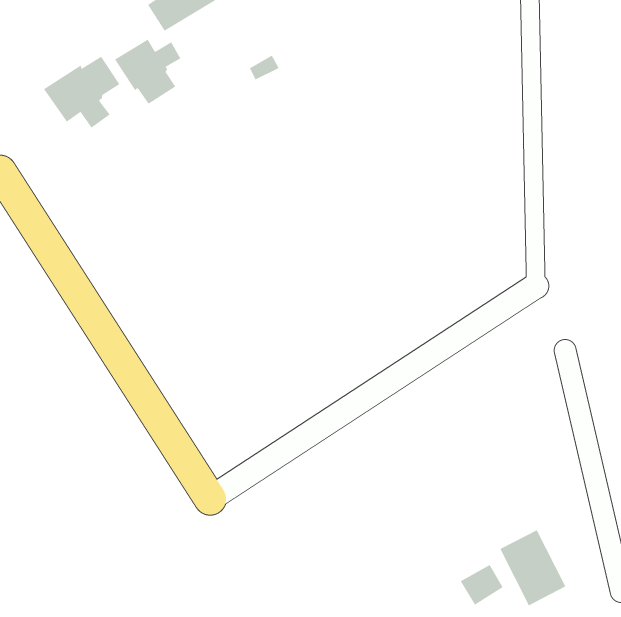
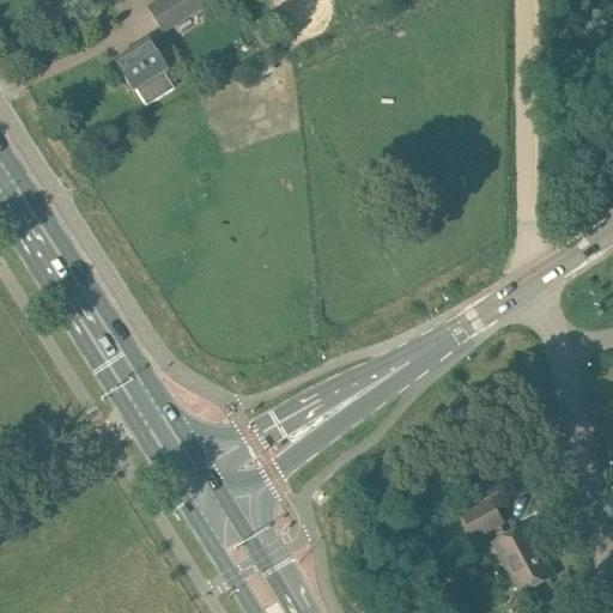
building: [43,56,120,129] -> none
building: [460,564,504,606] -> [462,496,505,536]

